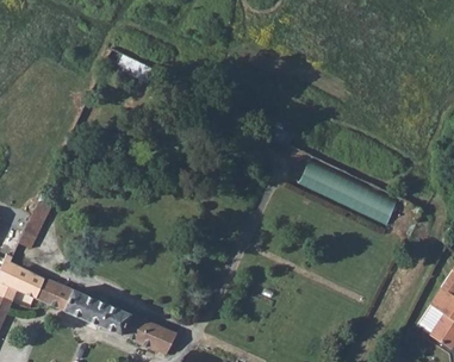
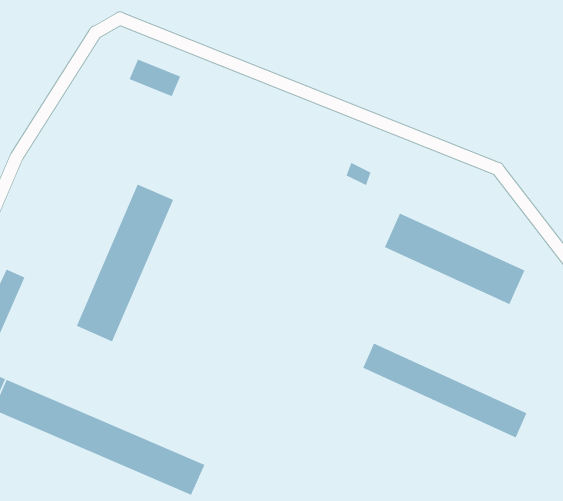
building: none -> [76,183,174,342]
building: none -> [362,342,527,439]

